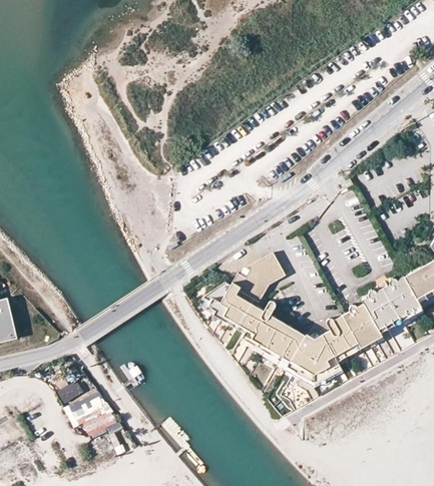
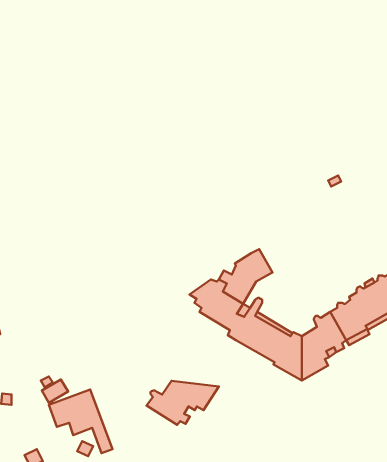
building: none -> [147,381,219,425]

